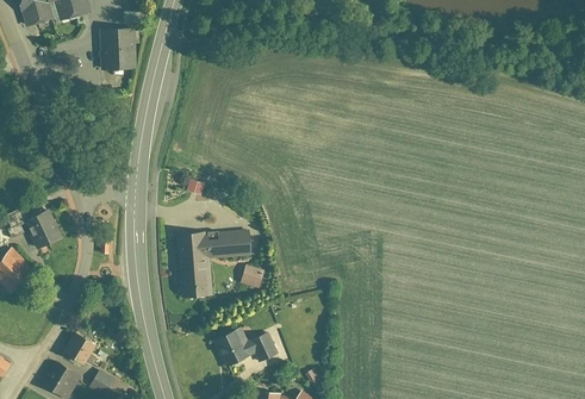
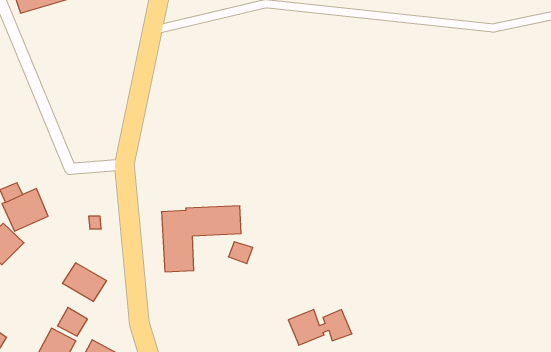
building: [101,27,136,79] -> none
building: none -> [63,263,107,302]
building: [216,329,281,366] -> [288,310,352,345]

